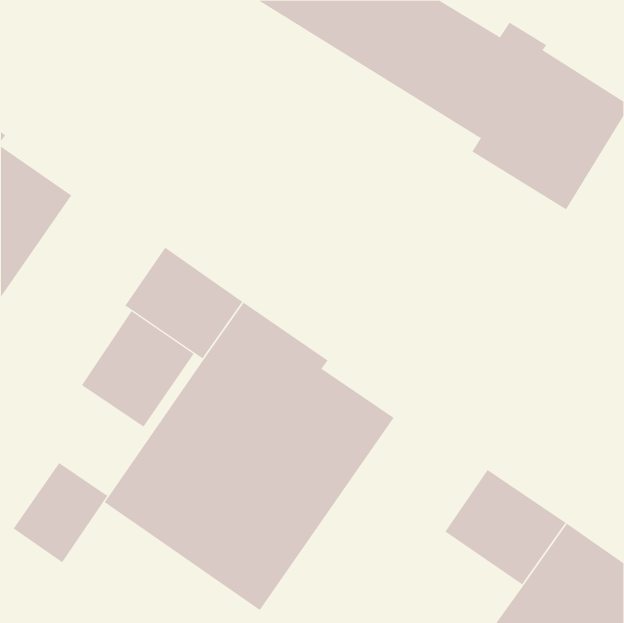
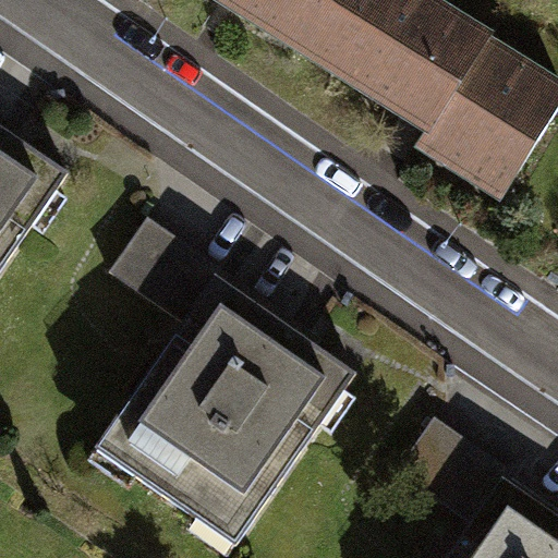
building: [81,310,194,428] -> none
building: [13,462,108,563] -> none

